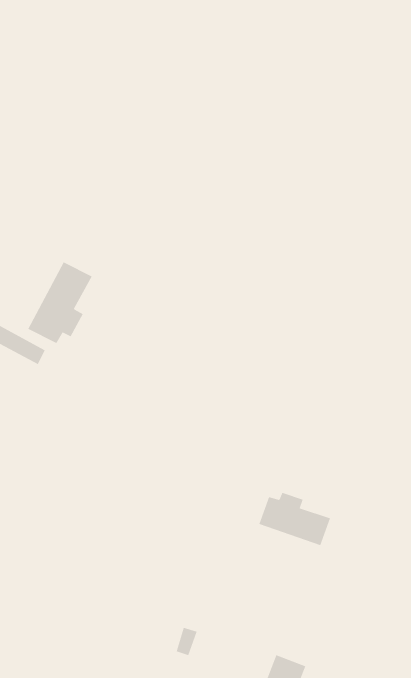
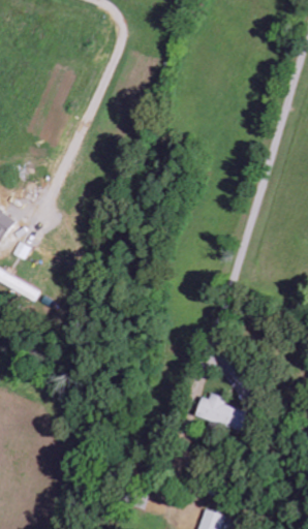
building: [28,261,93,344] -> none

